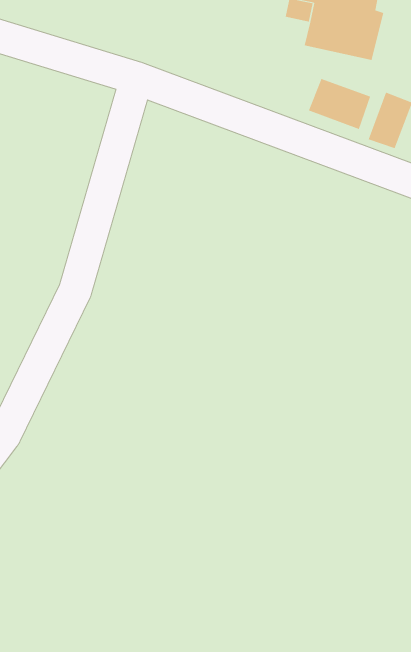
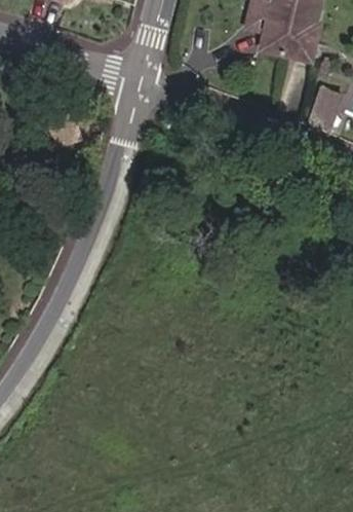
building: [308,78,371,130] -> none

